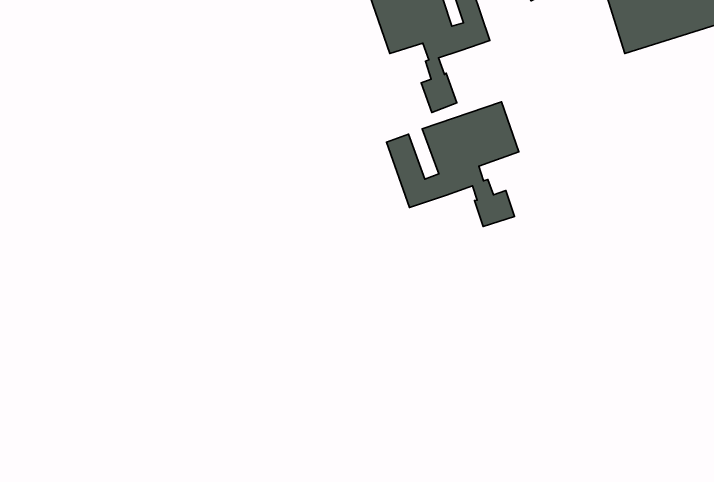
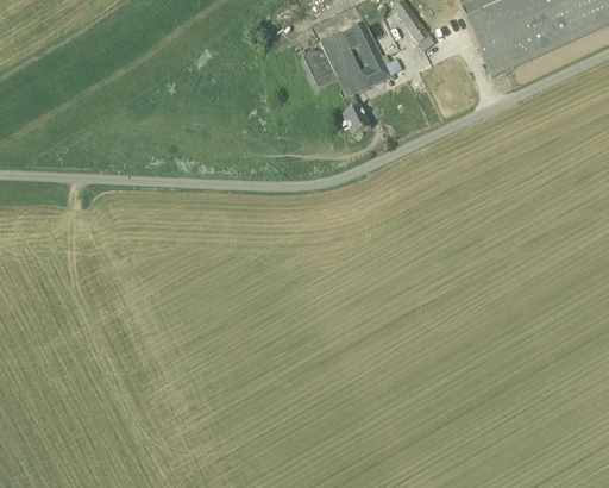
building: [387,102,519,226] -> none

